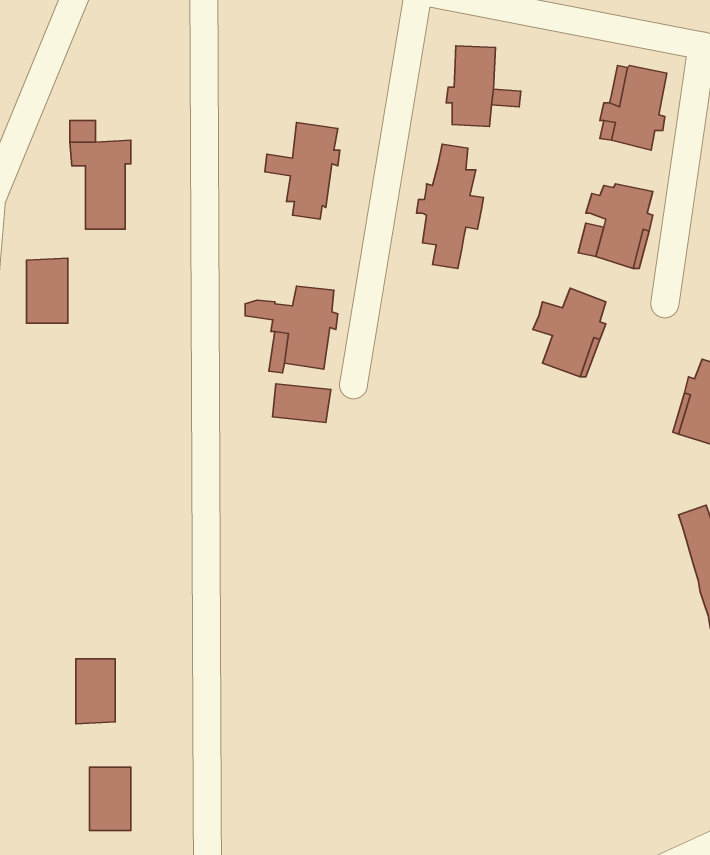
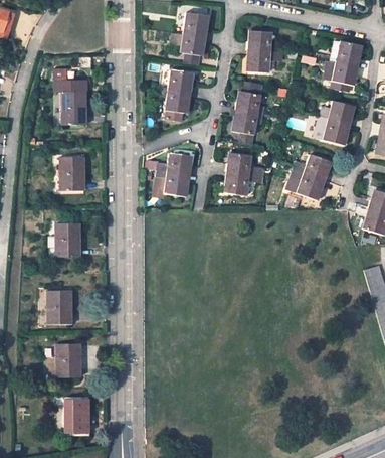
building: none -> [172,13,206,62]
building: [27,258,68,323] -> [60,157,81,190]
building: none -> [226,154,265,196]
building: [272,384,331,422] -> none
building: none -> [56,223,77,257]
building: none -> [48,292,68,324]

